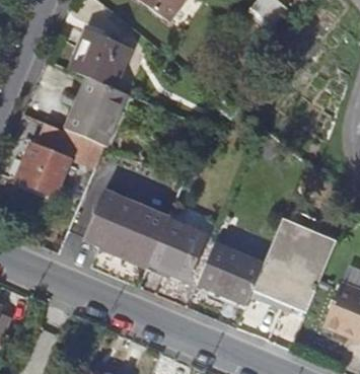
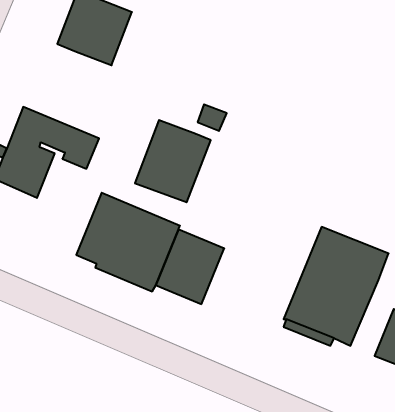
building: [66,77,127,143] -> [135,120,211,202]
building: [199,244,264,298] -> none

